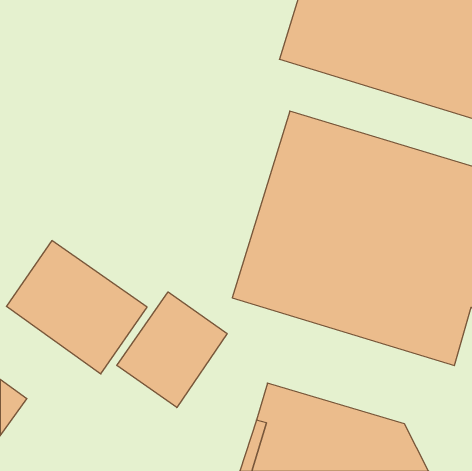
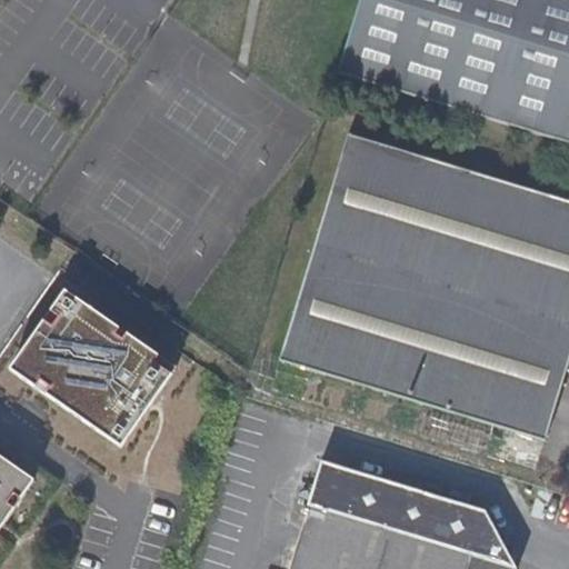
building: [117,292,227,408] -> none

